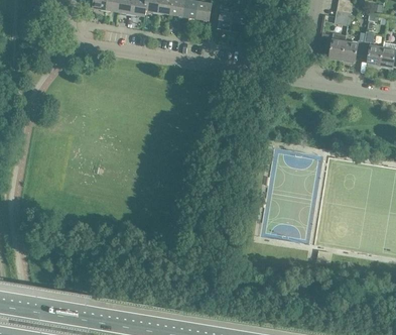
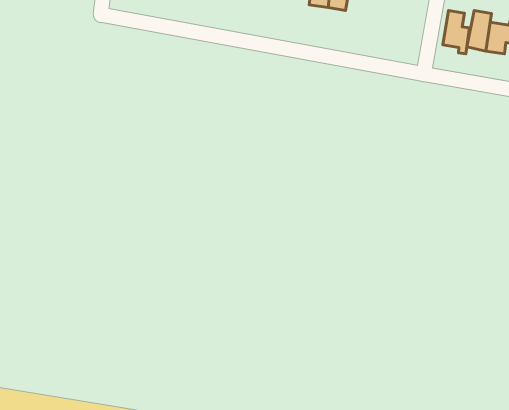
building: none -> [443,11,469,54]

